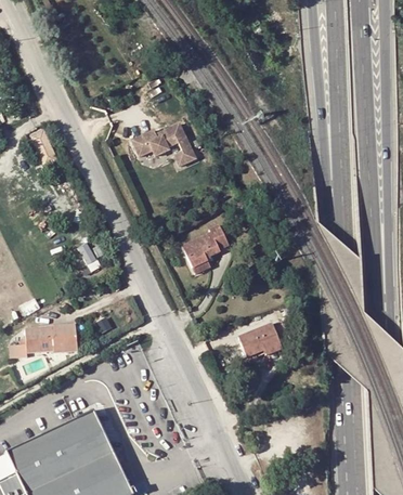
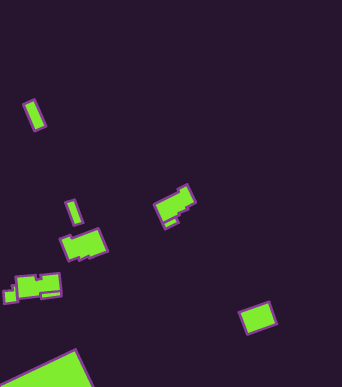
building: [130,120,195,164] -> none
building: none -> [60,228,108,261]
building: [243,321,286,357] -> [239,302,277,334]

